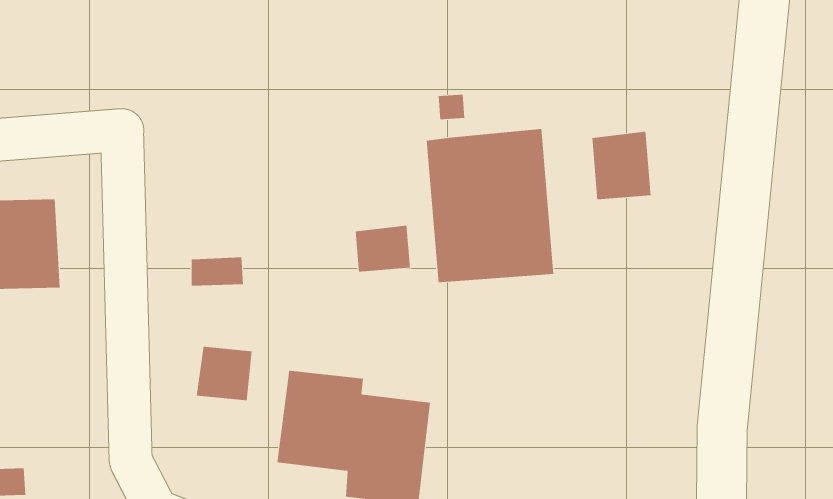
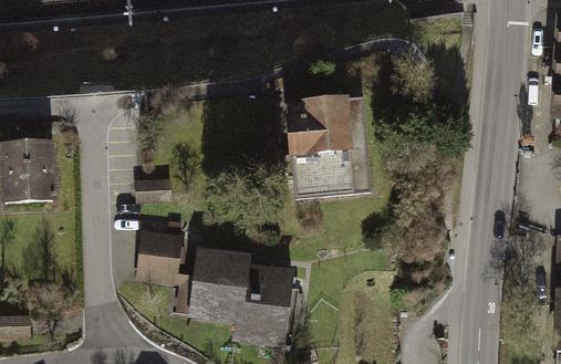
building: [592,131,651,200] -> none
building: [355,225,410,273] -> none

